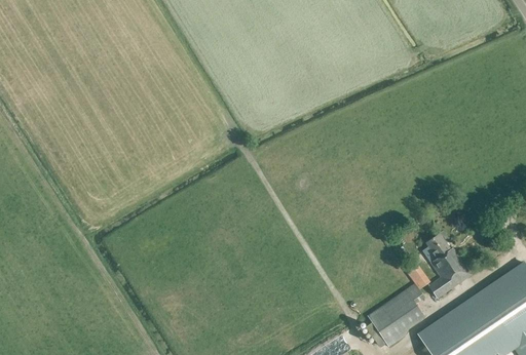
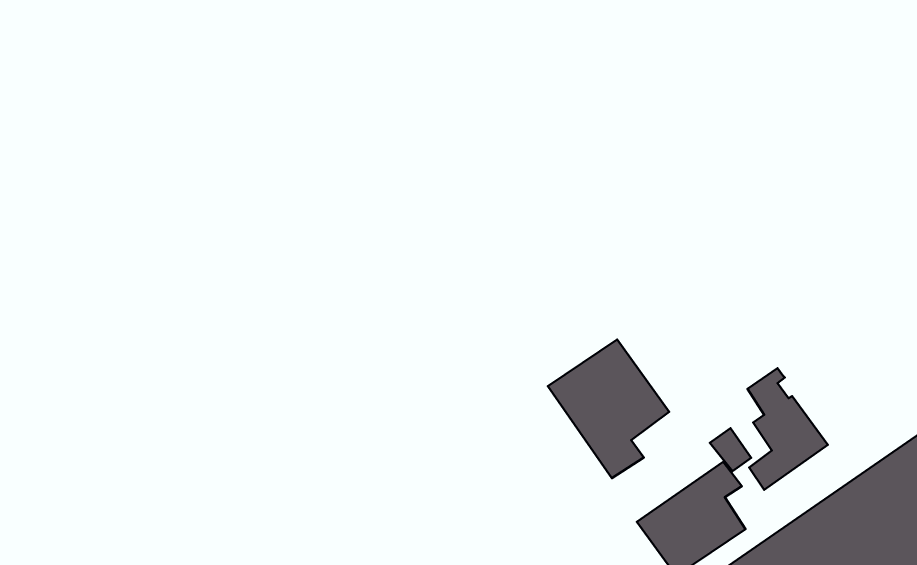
building: none -> [548,339,669,478]

